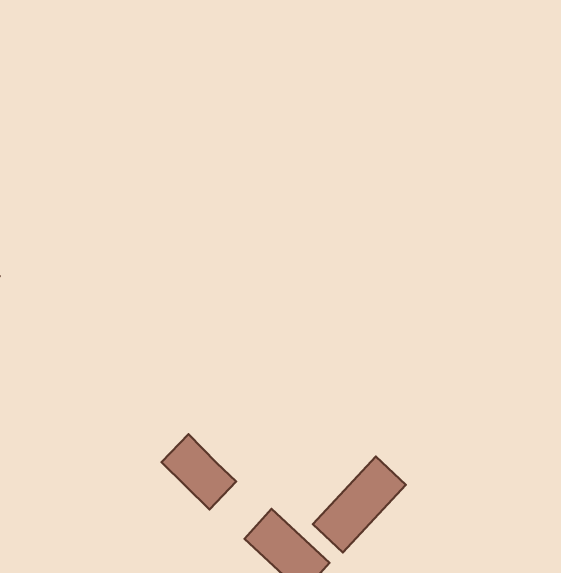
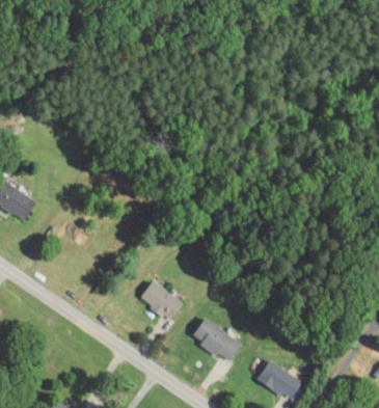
building: [313,456,406,553] -> none

